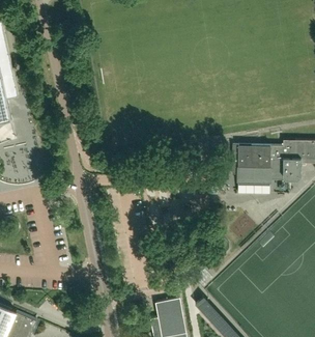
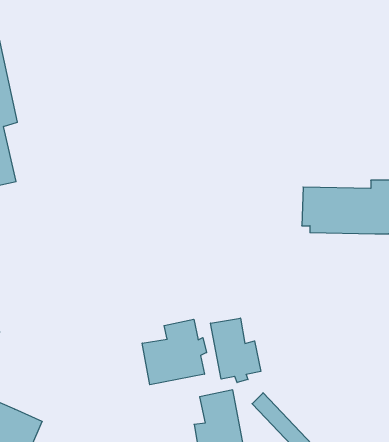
building: none -> [211,318,261,383]
building: none -> [142,319,207,385]

